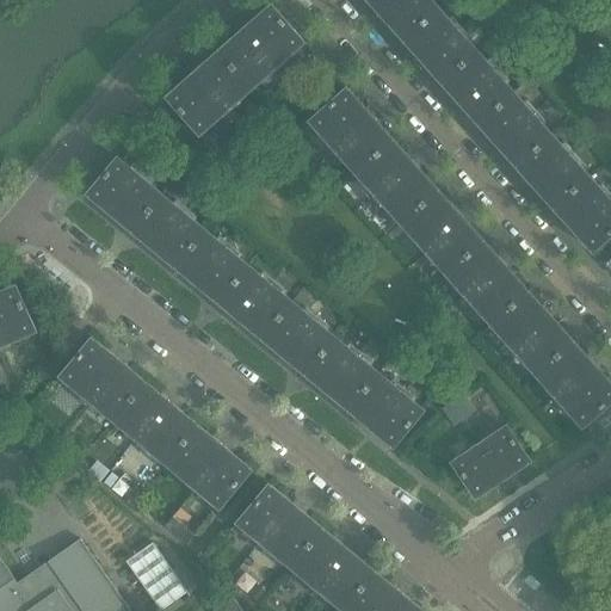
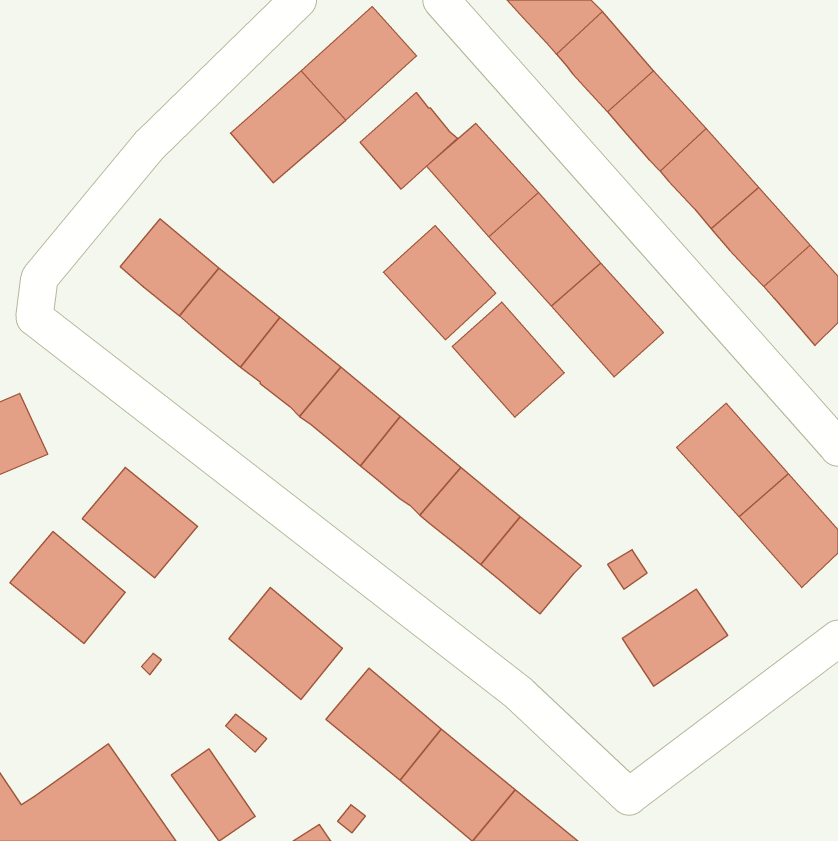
building: none -> [360,93,458,189]
building: none -> [383,226,496,340]
building: [445,241,526,325] -> [452,302,564,417]
building: [112,382,196,463] -> [10,532,125,643]

